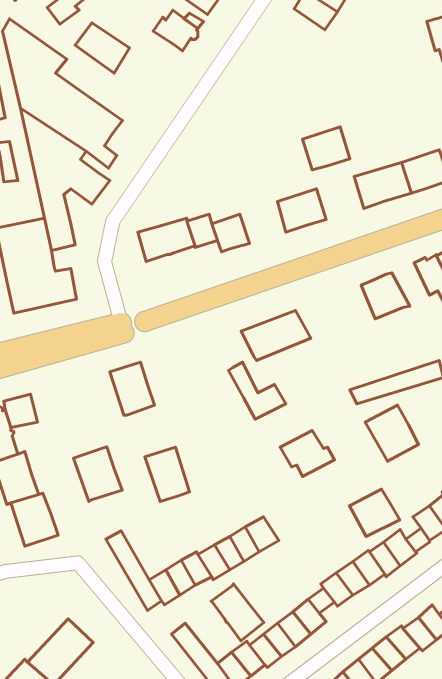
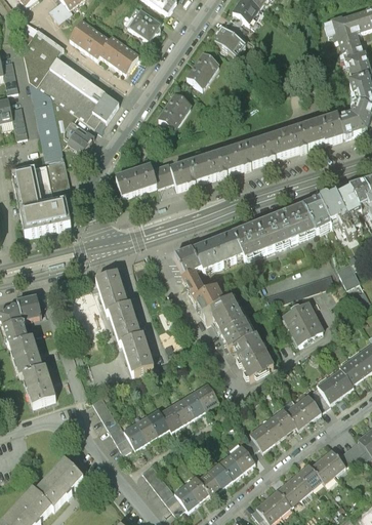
building: none -> [213,26,247,56]
building: none -> [100,35,138,72]
building: none -> [184,51,220,88]
building: none -> [91,91,119,120]
building: none -> [157,91,193,128]
building: [302,127,350,170] -> [247,132,282,164]
building: none -> [191,151,224,181]
building: none -> [302,196,331,229]
building: none -> [232,212,290,255]
building: none -> [174,246,201,273]
building: none -> [202,295,244,331]
building: [73,447,122,501] -> [108,299,143,339]
building: [350,489,400,536] -> [237,340,274,375]
building: [211,584,264,641] -> none

